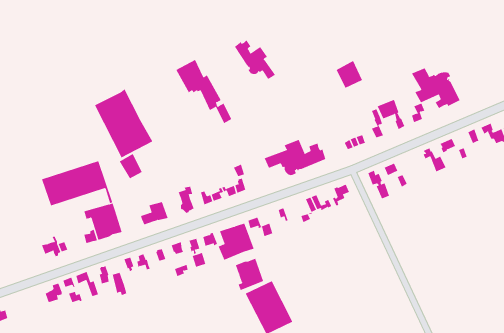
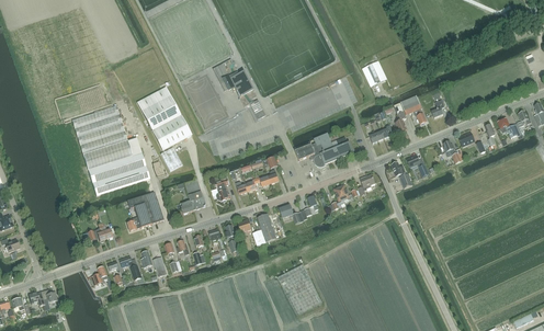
building: [234,40,276,80] -> none
building: [411,67,461,109] -> none
building: none -> [72,105,141,170]
building: [235,258,264,291] -> none

